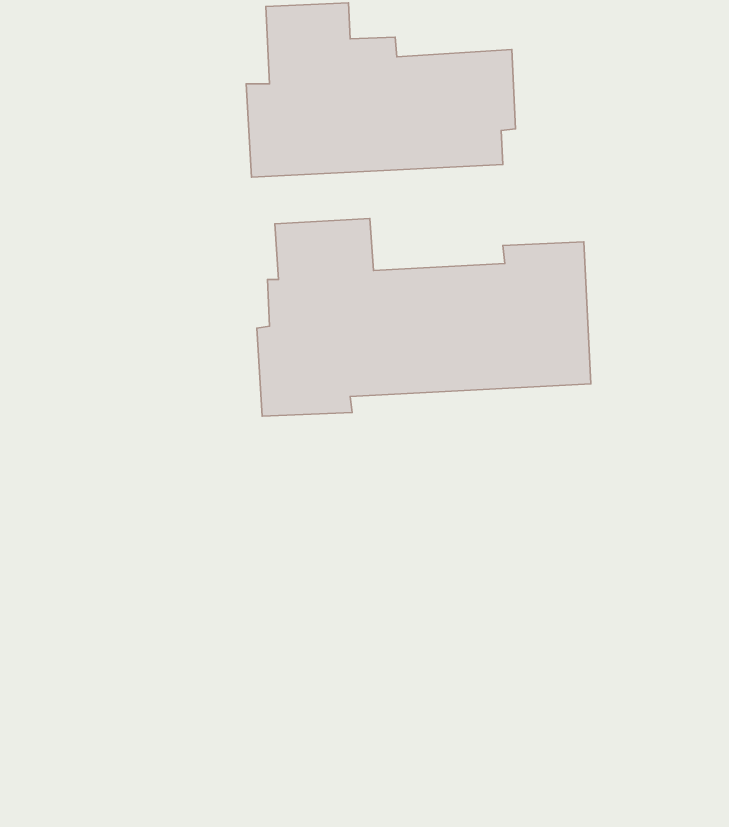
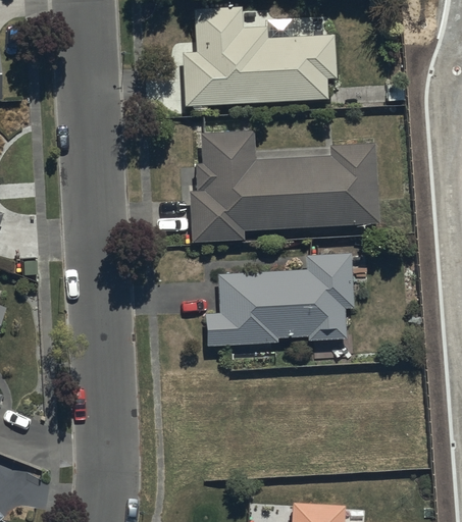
building: none -> [205,254,354,347]

